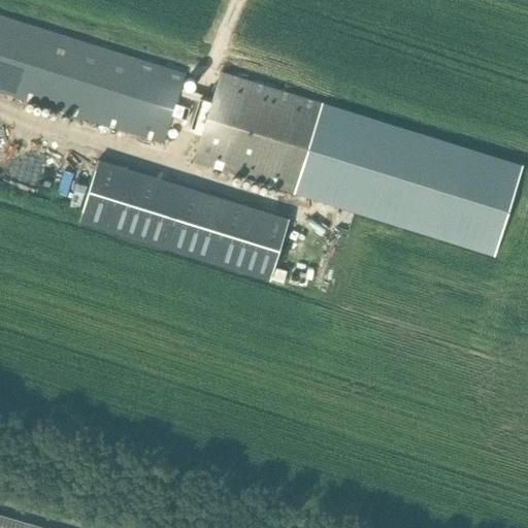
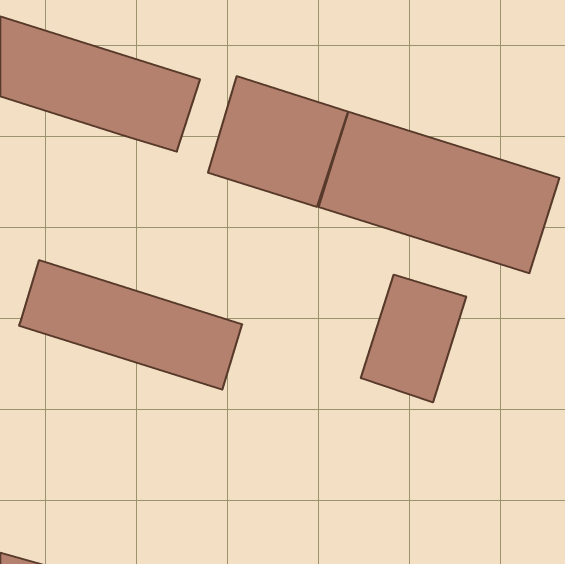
building: [80,160,289,280] -> [19,260,242,390]
building: none -> [361,275,466,402]

